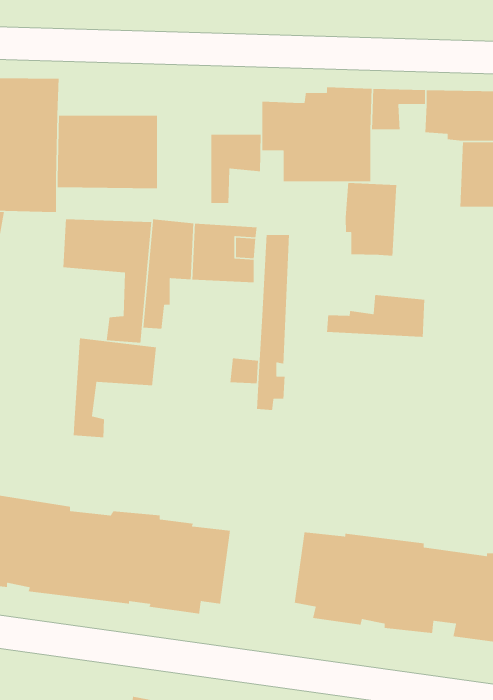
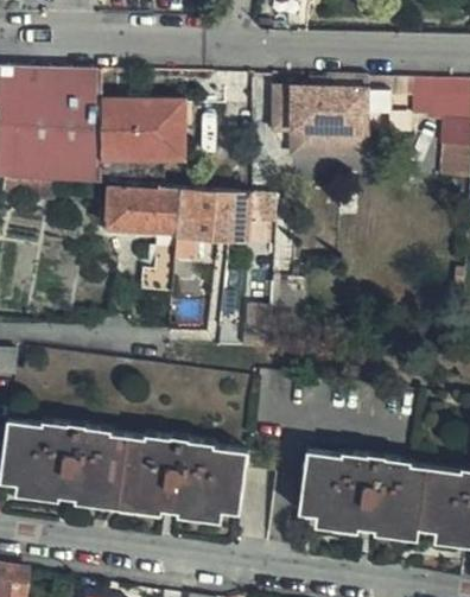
building: [210,134,262,204] -> none
building: [345,182,397,257] -> none
building: [326,294,425,338] -> none
building: [73,337,157,438] -> none

